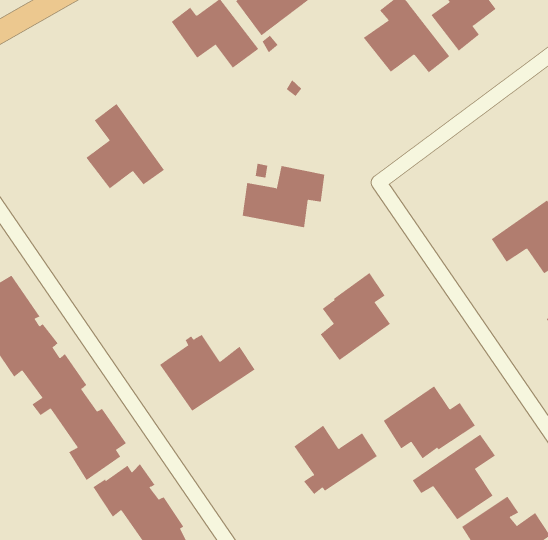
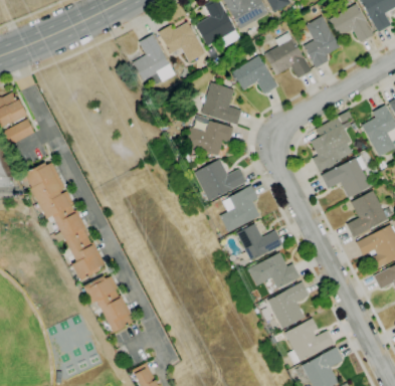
building: none -> [232,56,277,94]
building: none -> [201,82,241,126]
building: [86,103,165,189] -> [132,34,175,81]
building: none -> [310,125,351,172]
building: [159,334,256,412] -> [193,159,246,201]
building: [294,425,378,495] -> [236,223,282,261]

